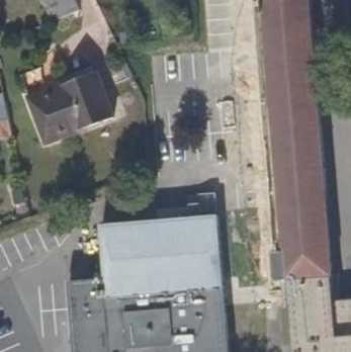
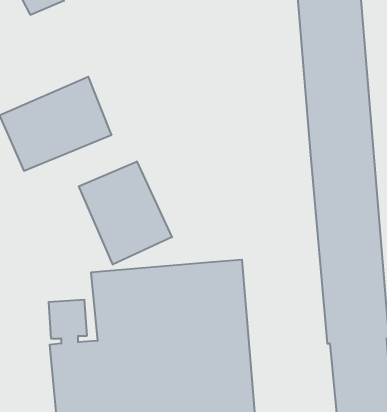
building: none -> [79,161,172,265]

